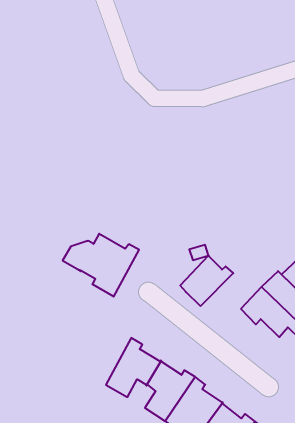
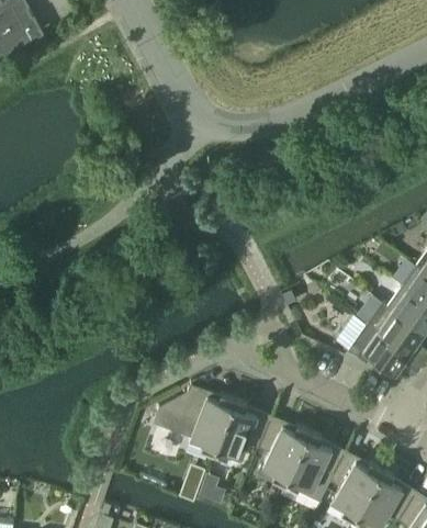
building: [63,234,139,297] -> [151,387,233,453]
building: [180,255,233,306] -> none

